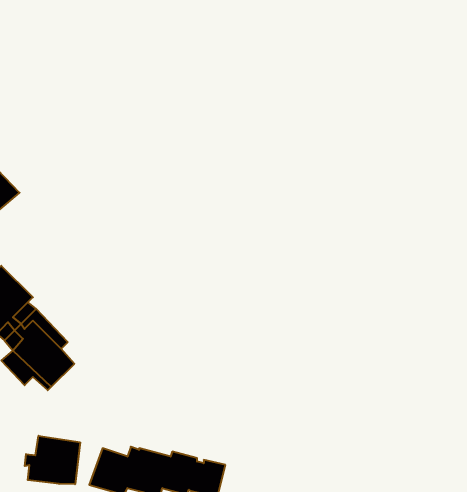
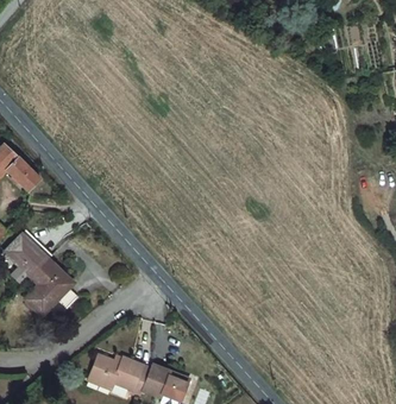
building: [25,436,80,484] -> none

